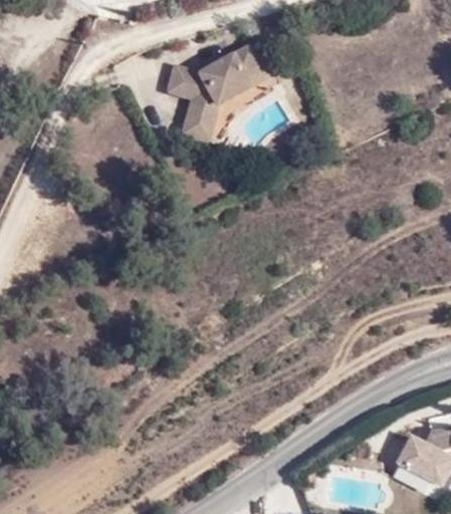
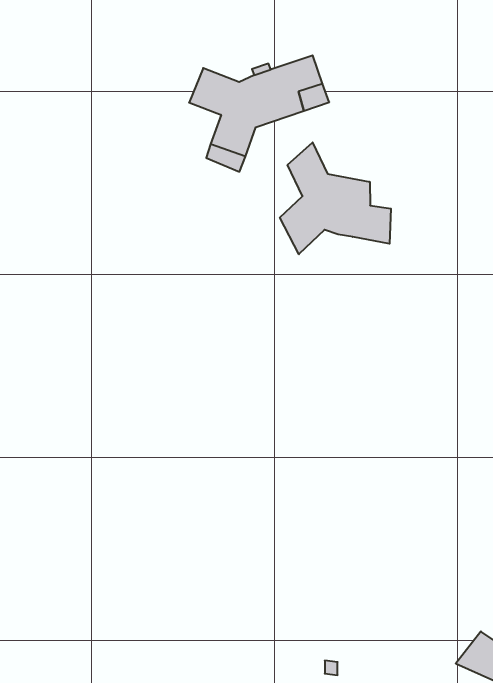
building: none -> [280,142,391,254]

